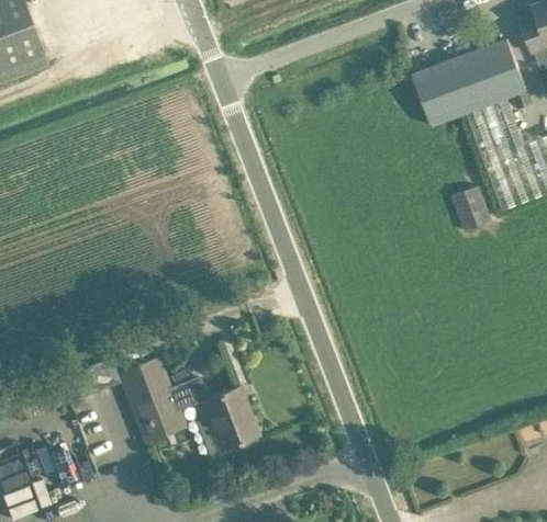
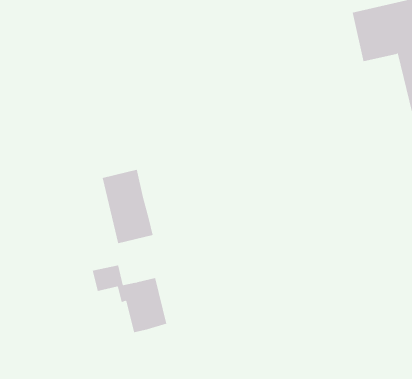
building: [451,185,492,231] -> none
building: [120,359,183,442] -> [102,169,153,244]

